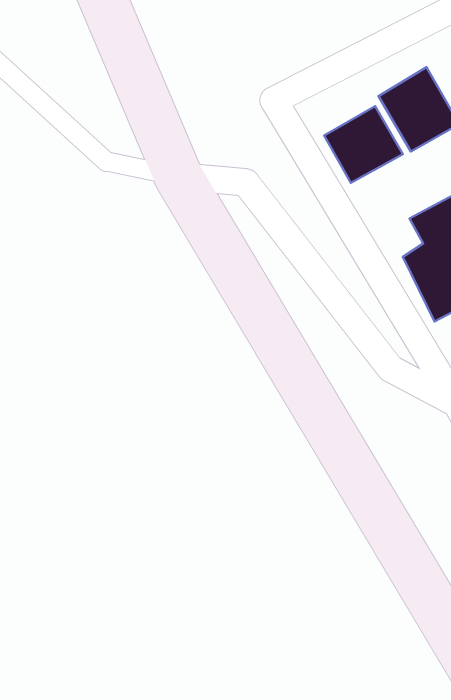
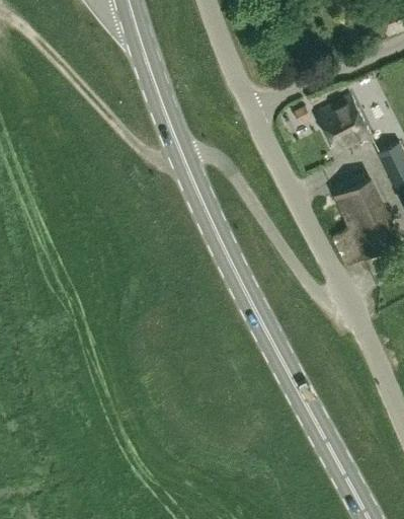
building: [324,106,403,183] -> none

